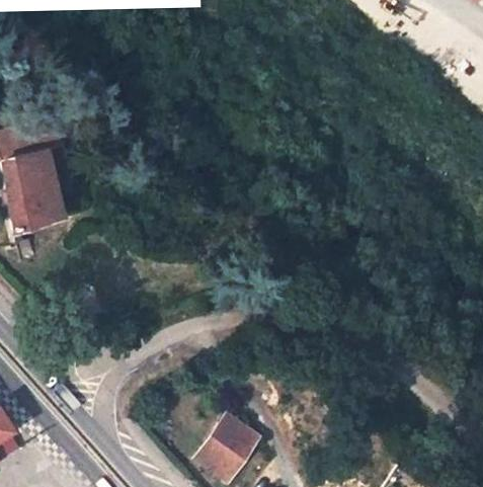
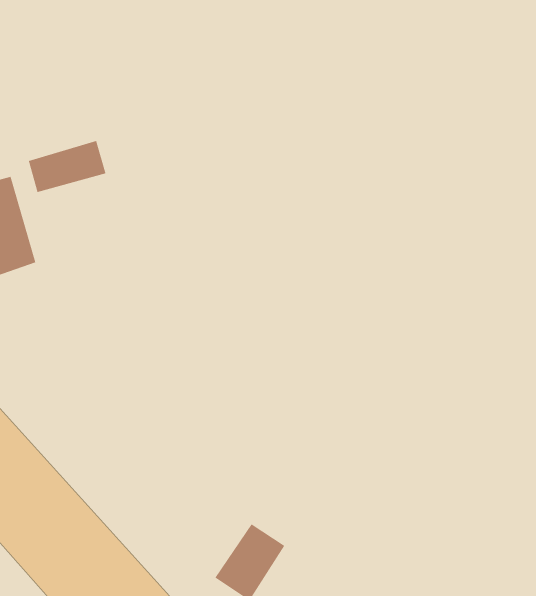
building: none -> [28,140,106,193]

